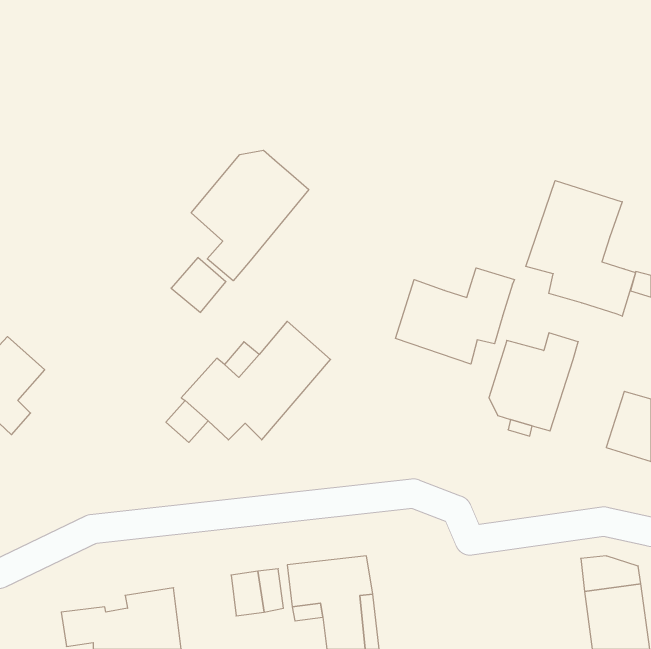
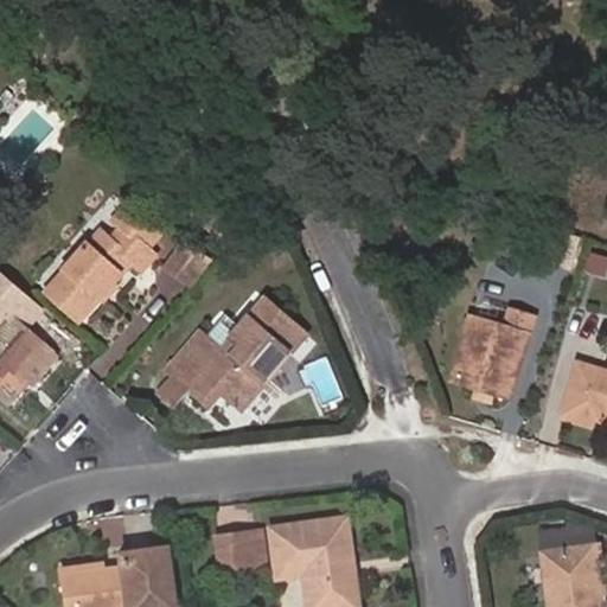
building: [191,150,309,281] -> none
building: [526,181,635,316] -> none
building: none -> [46,206,161,320]
building: [395,268,514,364] -> none

